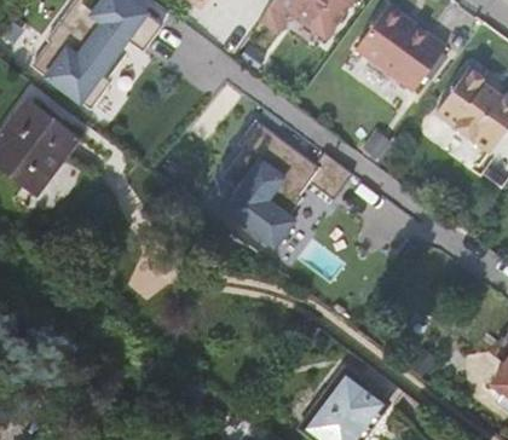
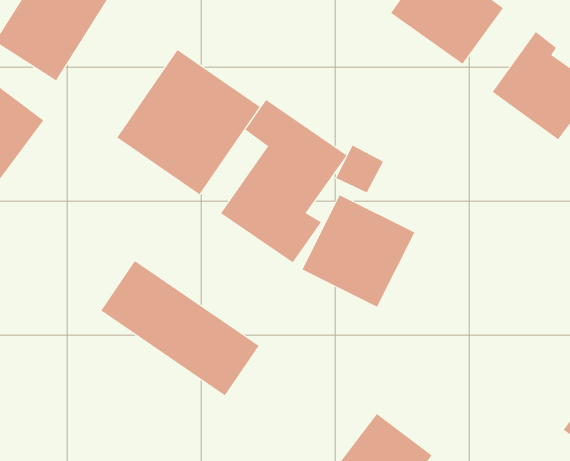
building: none -> [117,49,260,195]
building: none -> [302,194,415,308]
building: none -> [100,260,259,396]

